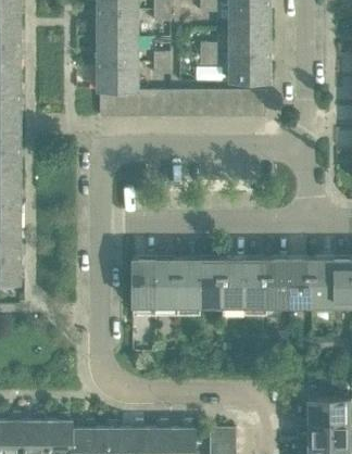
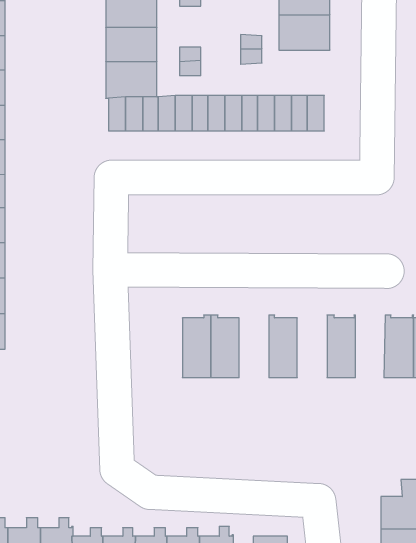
building: [229,55,268,83] -> none
building: [131,258,155,306] -> none
building: [199,258,222,306] -> none
building: [243,258,266,306] -> none
building: [288,258,311,306] -> none

